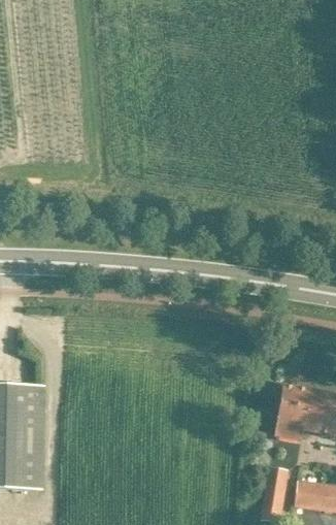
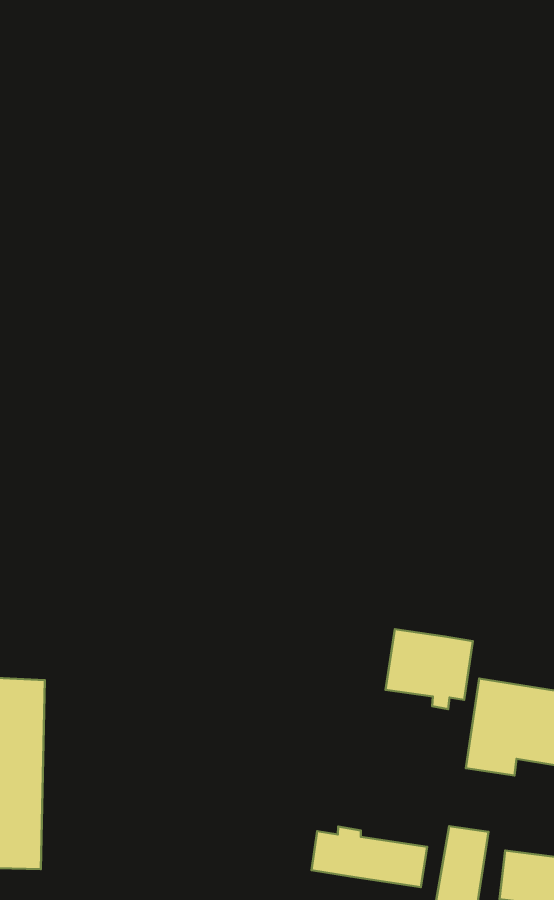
building: none -> [386,629,473,709]
building: none -> [311,827,427,887]

